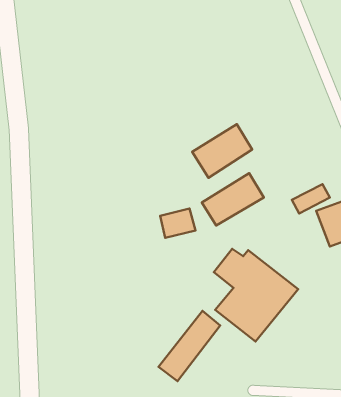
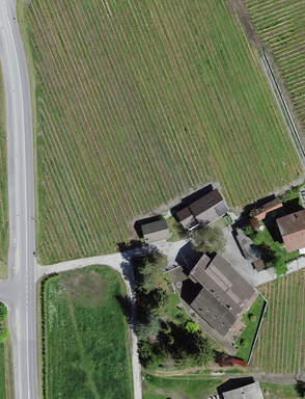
building: [192,124,252,178] -> none
building: [159,311,220,381] -> none

